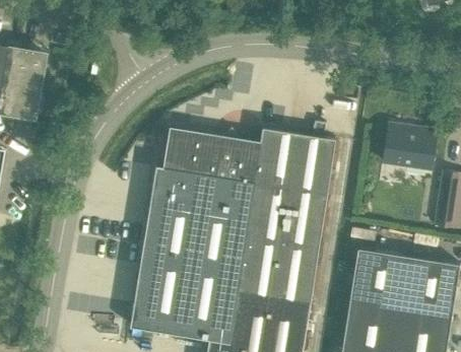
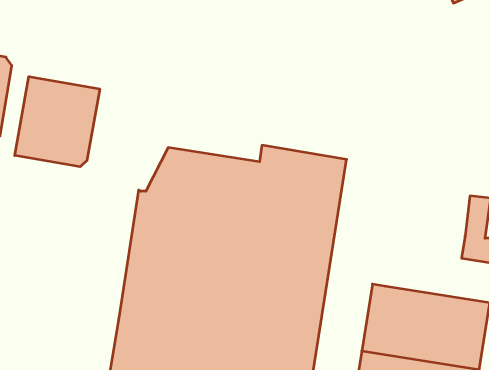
building: none -> [15,77,100,167]
building: [382,126,435,169] -> none

